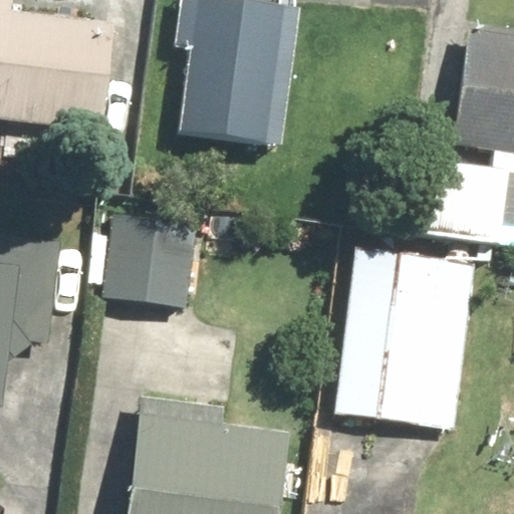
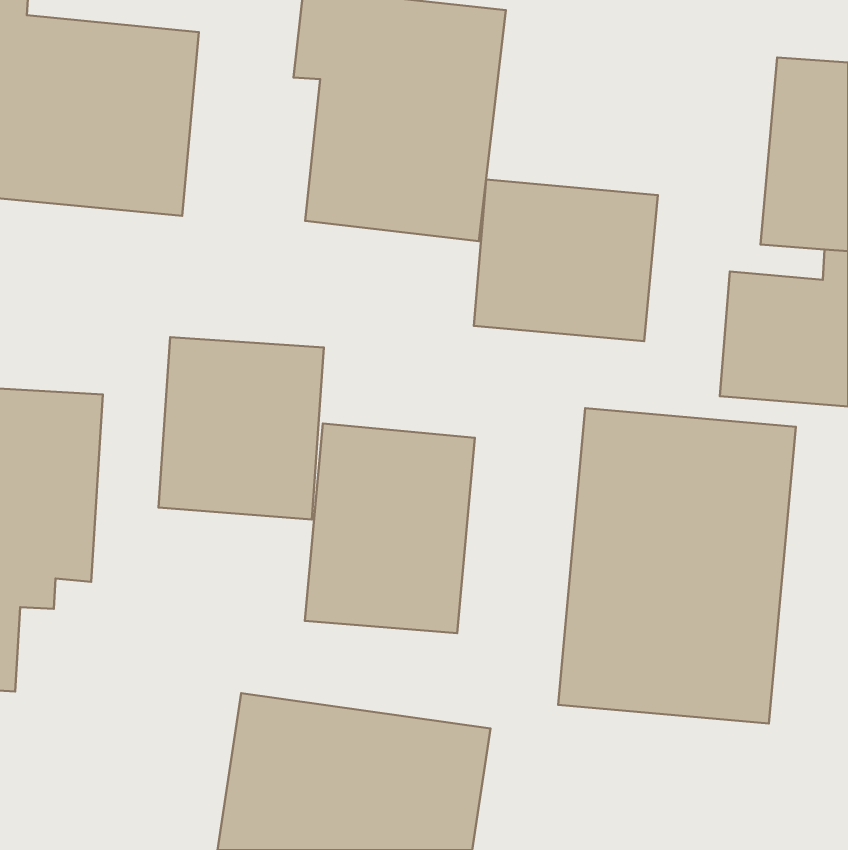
building: none -> [474,179,658,341]
building: none -> [305,423,475,633]

